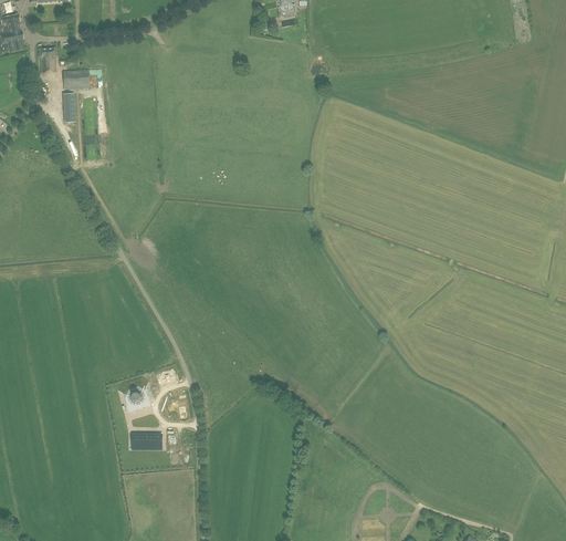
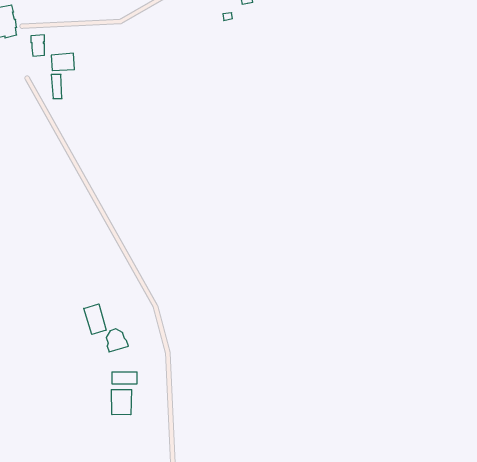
building: none -> [84,304,106,334]
building: none -> [111,390,132,415]

